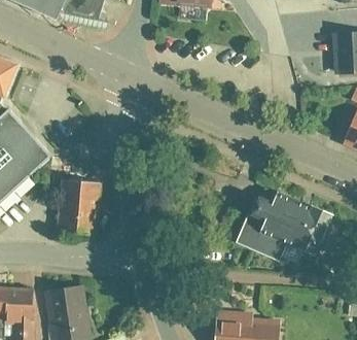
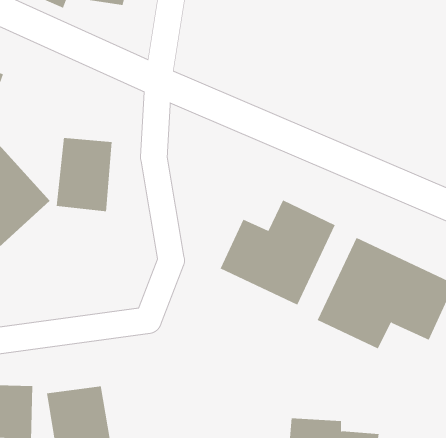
building: none -> [220,200,336,305]
building: [58,180,98,233] -> [56,138,113,212]

